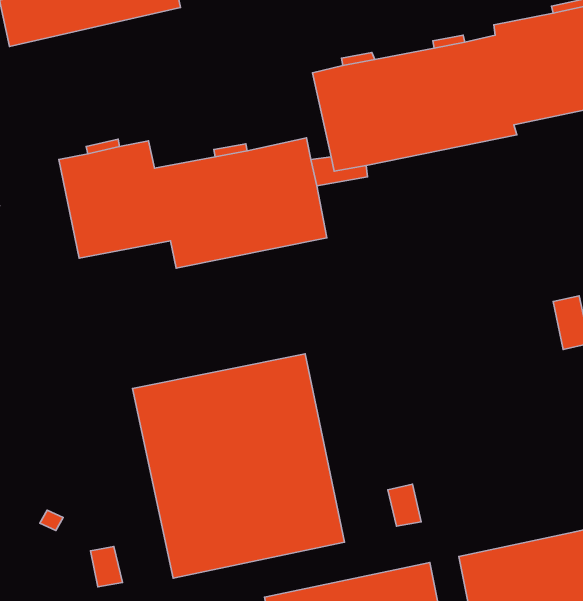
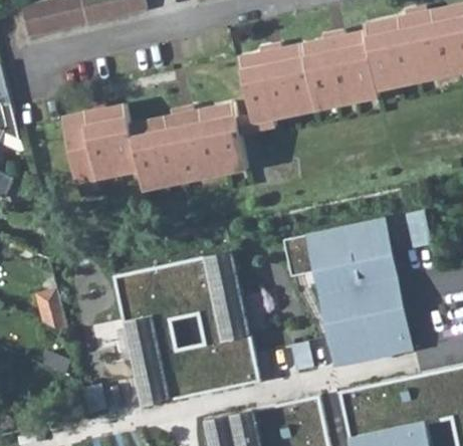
building: none -> [283,218,412,368]
building: none -> [33,288,67,333]

